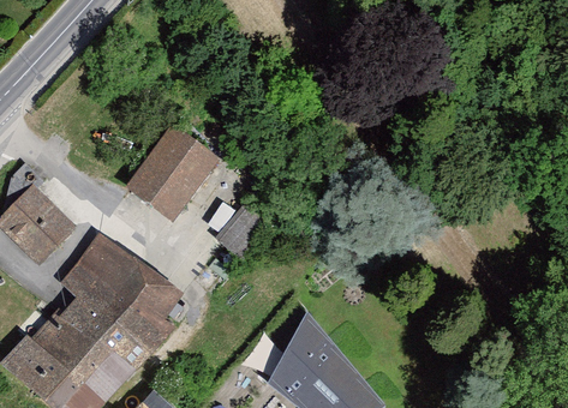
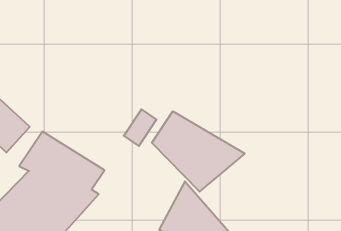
building: [125,126,216,220] -> none
building: none -> [152,111,245,192]

